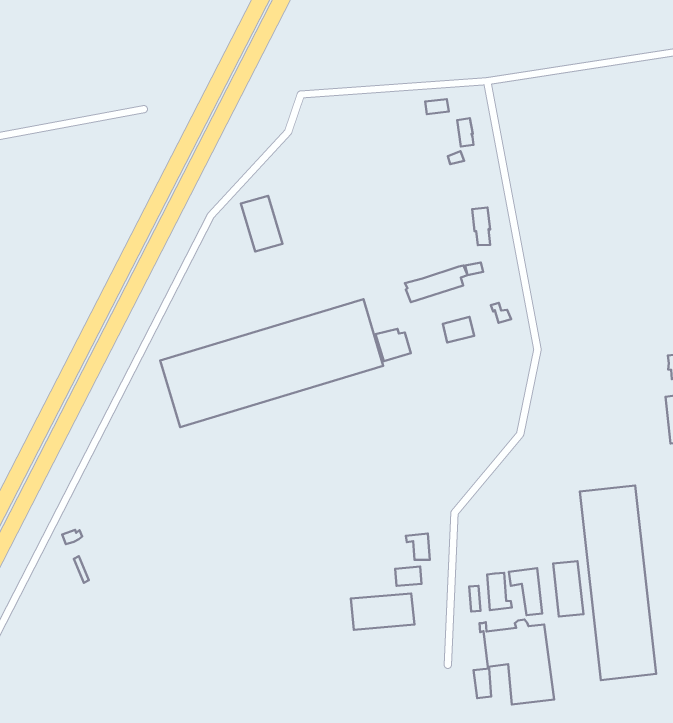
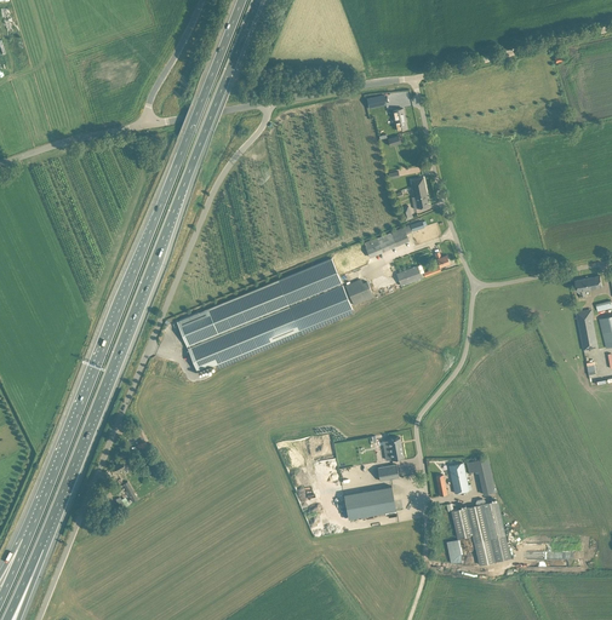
building: [241,196,283,251] -> none
building: [580,485,656,680] -> none
building: [553,561,584,616] -> none

